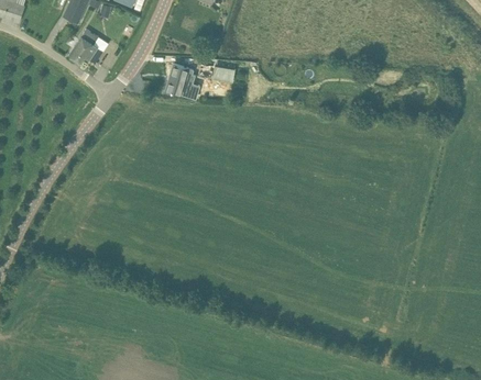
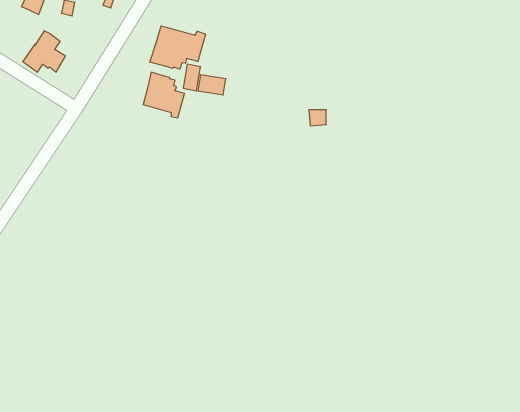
building: none -> [150,26,205,69]

